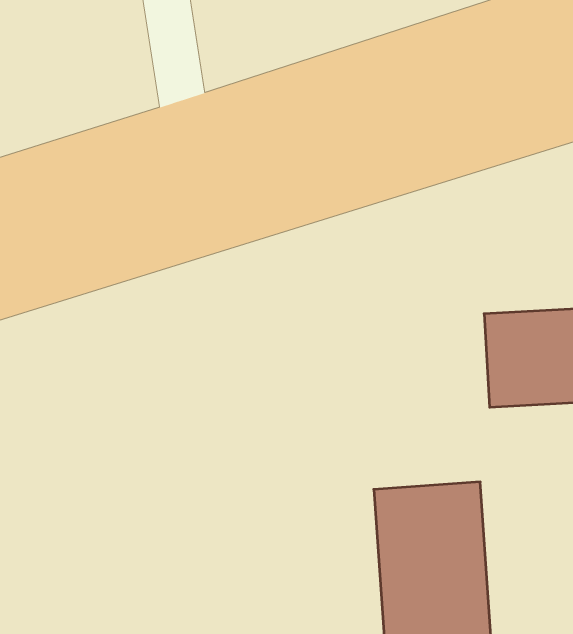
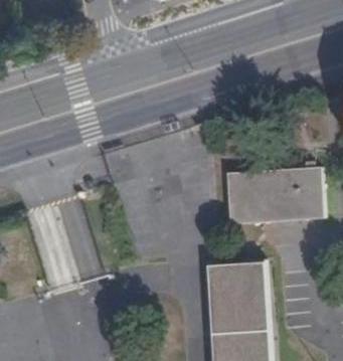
building: none -> [227,170,268,221]

